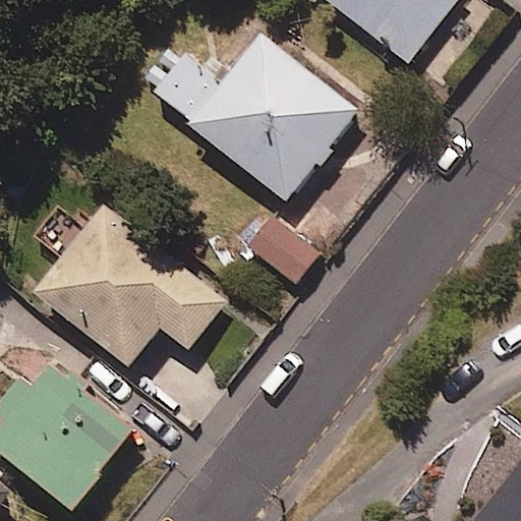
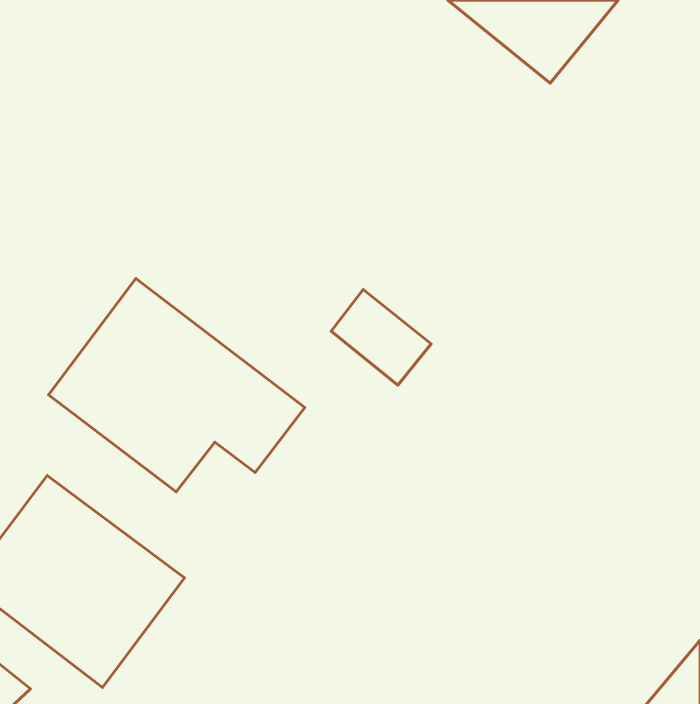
building: [153,34,356,199] -> none

